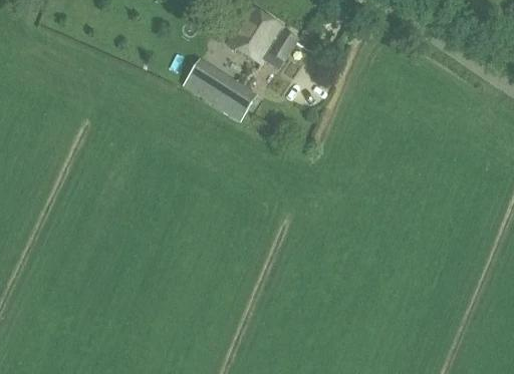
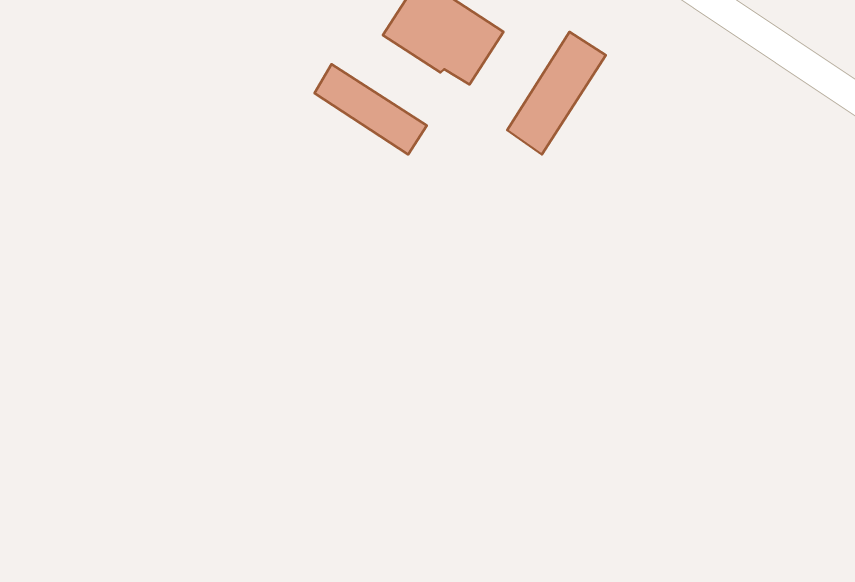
building: none -> [507,32,606,154]

